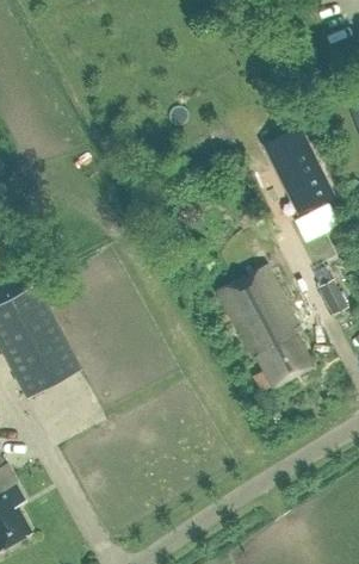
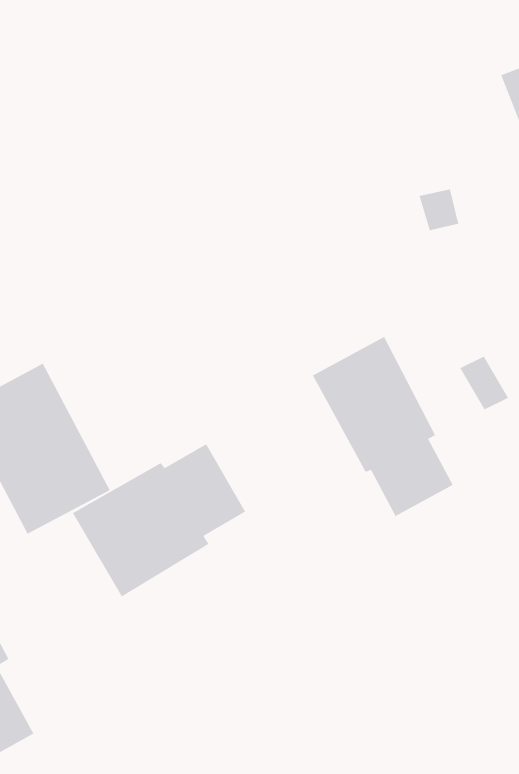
building: [262,132,307,178] -> none
building: [292,192,333,229] -> none
building: none -> [72,443,246,598]

